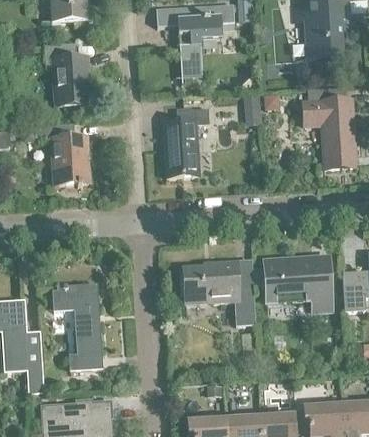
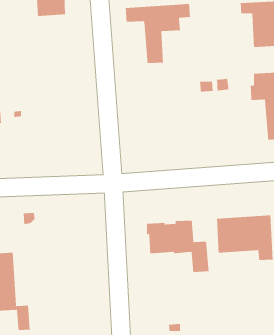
building: [44,43,91,105] -> none
building: [163,108,209,178] -> none
building: [37,123,89,185] -> none
building: [57,284,102,370] -> none

